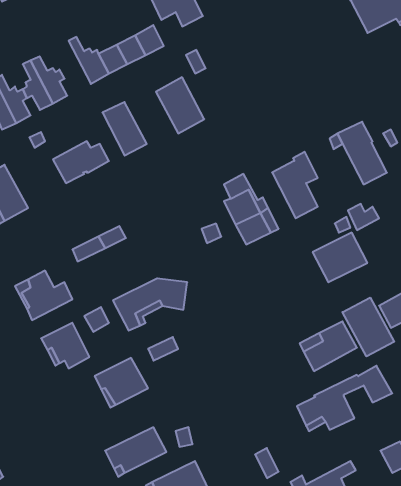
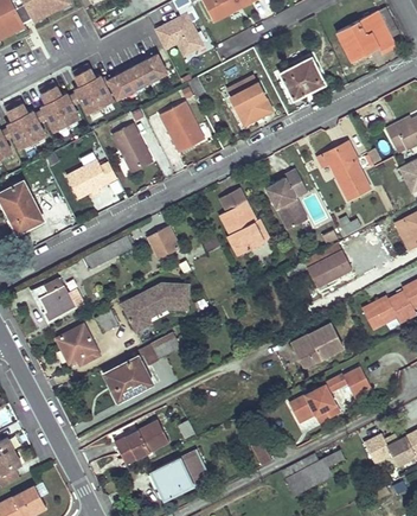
building: none -> [280,58,325,101]
building: none -> [72,69,101,114]
building: none -> [227,76,272,126]
building: none -> [148,227,180,260]
building: [342,298,394,356] -> none

